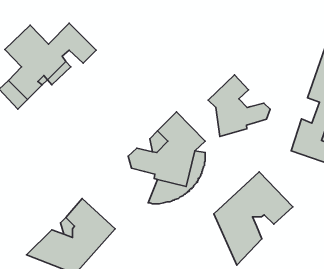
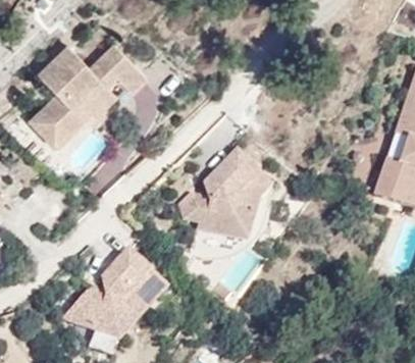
building: [208,75,270,136] -> none
building: [214,172,293,265] -> none

